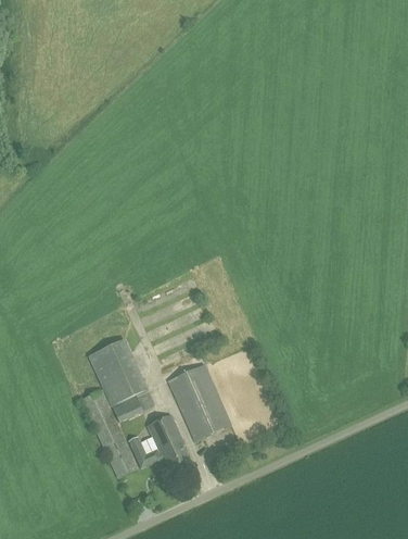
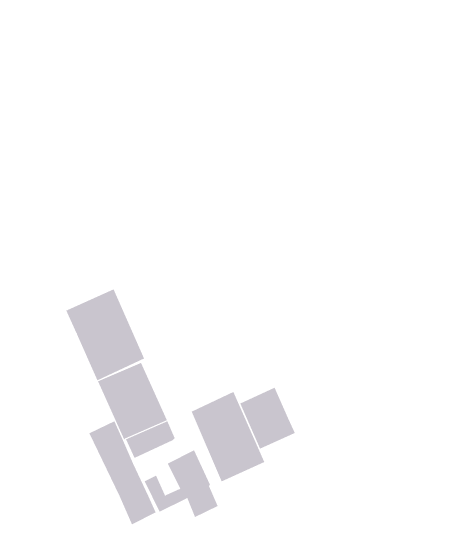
building: none -> [65,288,145,381]
building: none -> [239,387,296,450]

